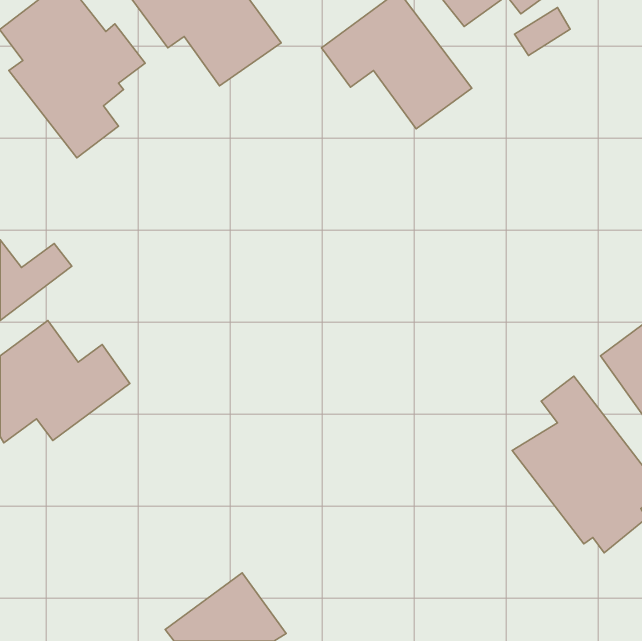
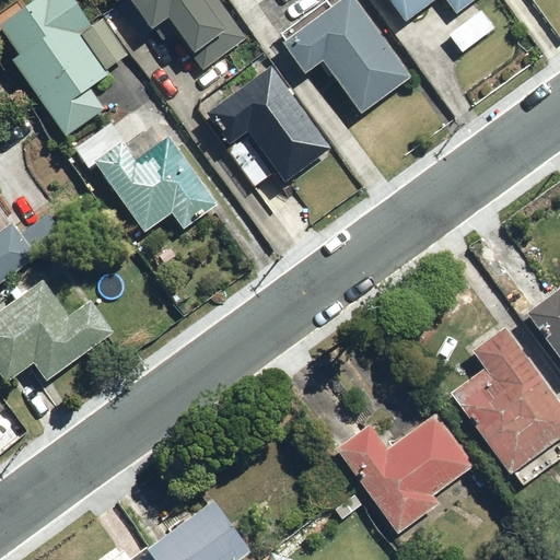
building: none -> [205,66,334,185]
building: none -> [77,121,217,235]
building: none -> [334,410,476,533]

